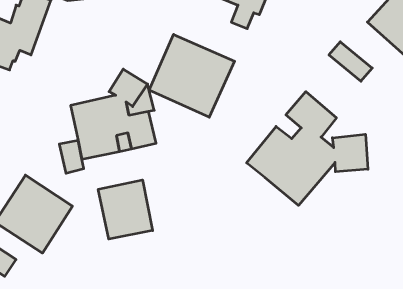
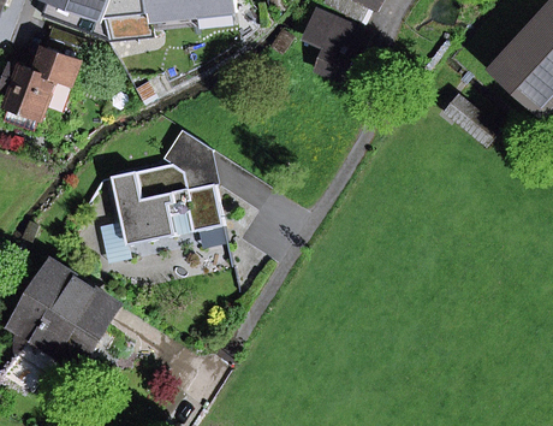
building: [149,34,235,117] -> none
building: [247,92,368,205] -> none
building: [98,180,153,239] -> none

